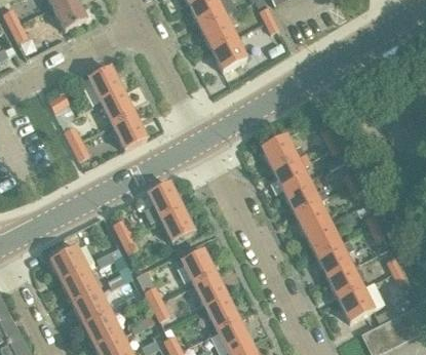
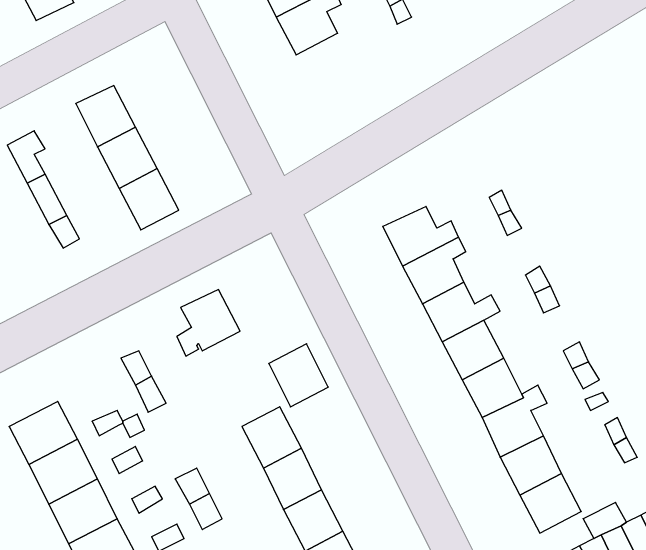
building: [212,37,246,71] -> none
building: [159,206,193,242] -> [269,344,328,407]

